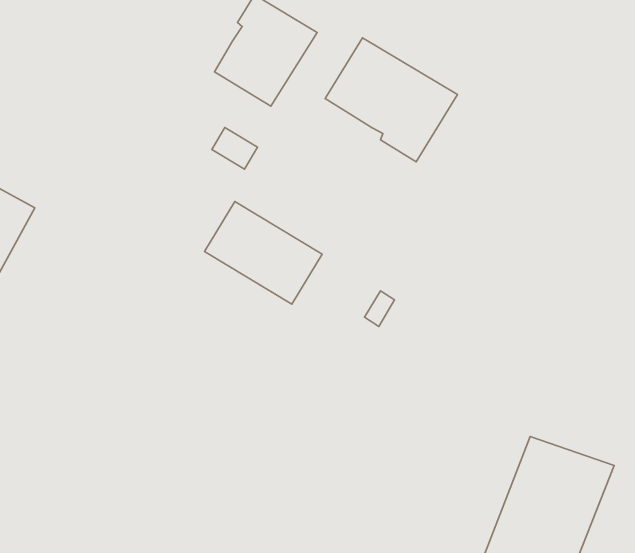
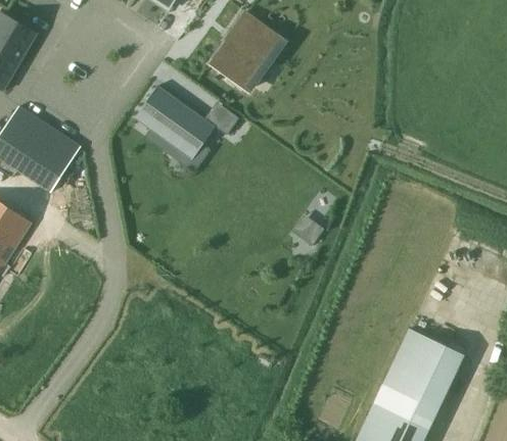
building: [325,38,457,162] -> none
building: [205,202,322,304] -> [134,86,215,159]

